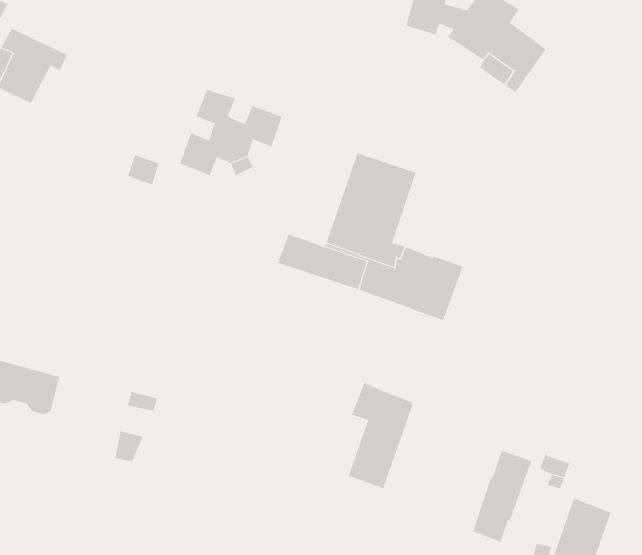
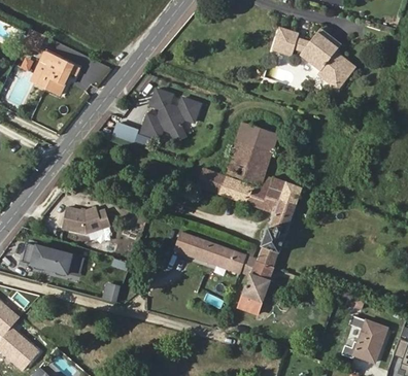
building: none -> [63,202,111,230]
building: none -> [175,231,246,272]
building: [472,450,532,542] -> [258,212,292,265]

